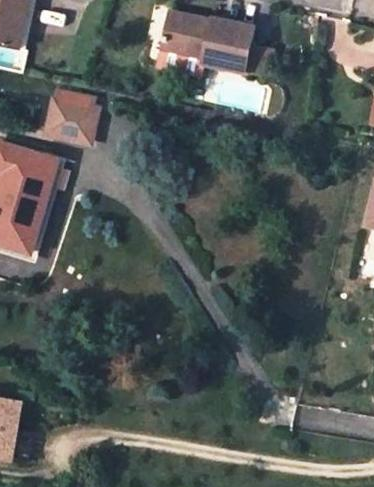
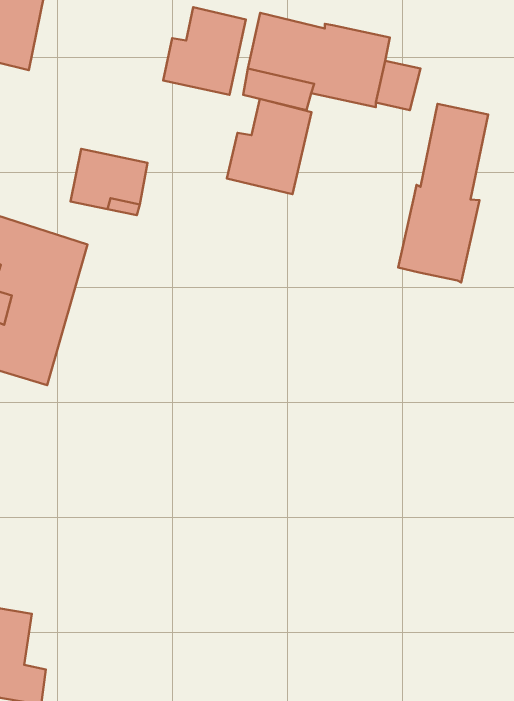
building: none -> [163,7,246,95]
building: none -> [227,99,312,194]
building: none -> [398,104,488,283]

